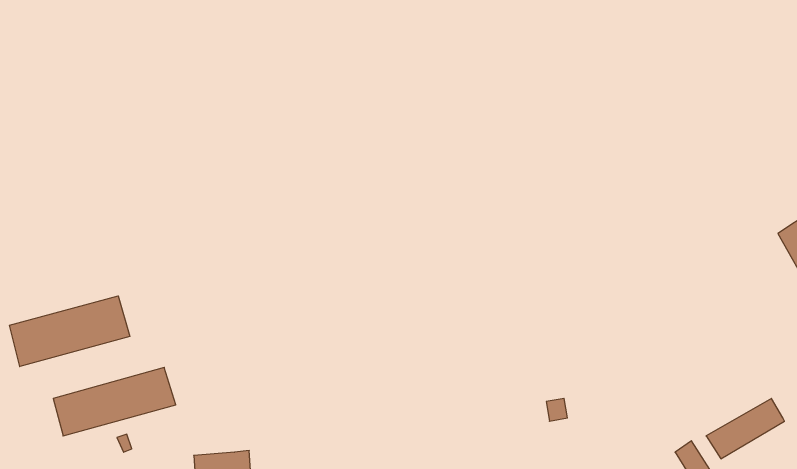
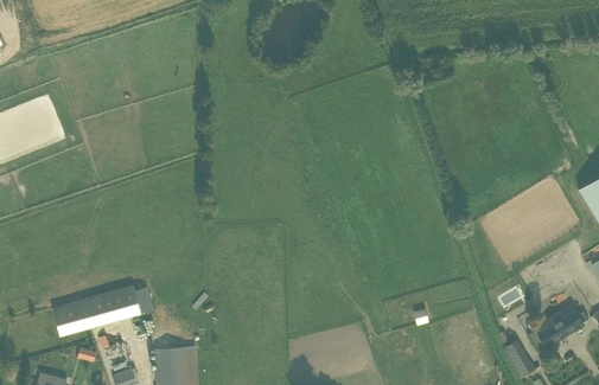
building: [9,296,130,367] -> none

